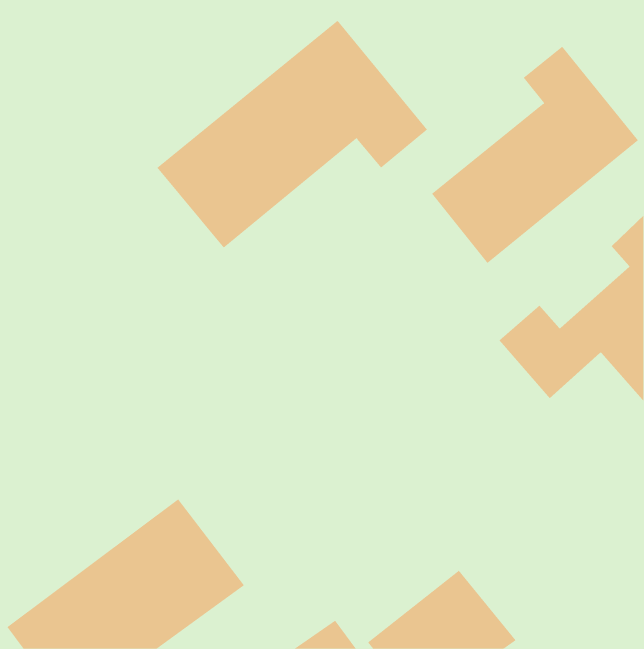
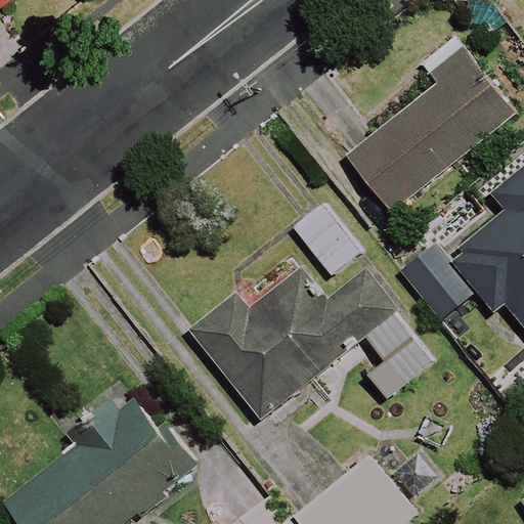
building: [157,20,428,248] -> none
building: none -> [189,206,431,419]

